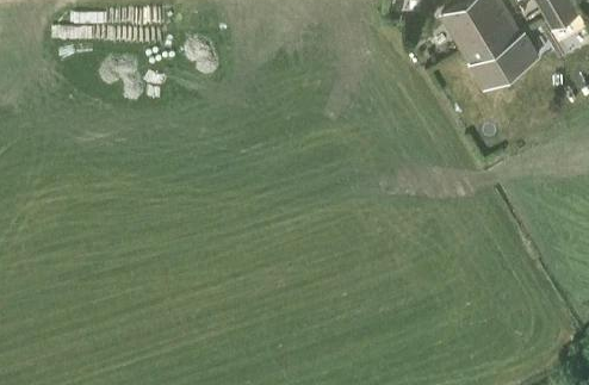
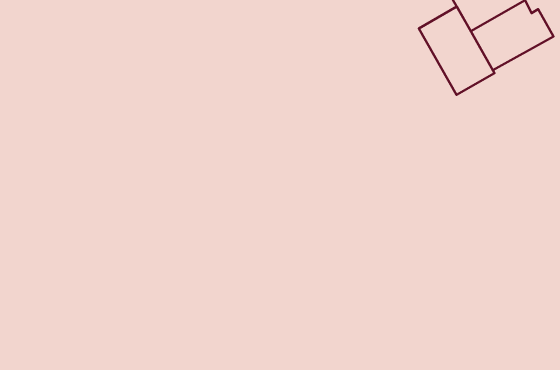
building: none -> [419,7,495,95]

